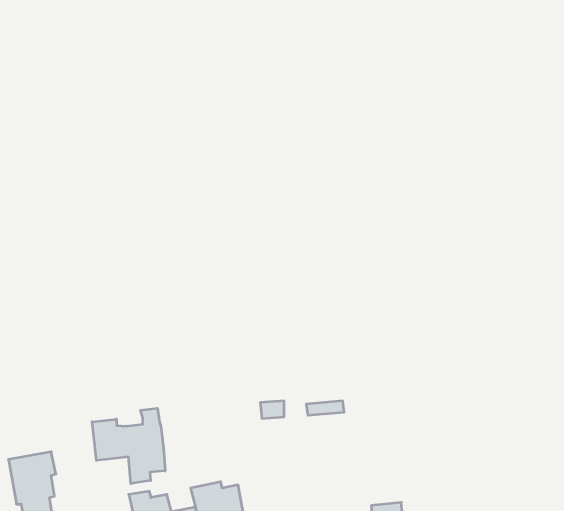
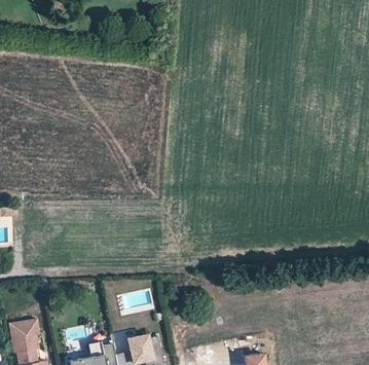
building: [92,408,165,484] -> none

